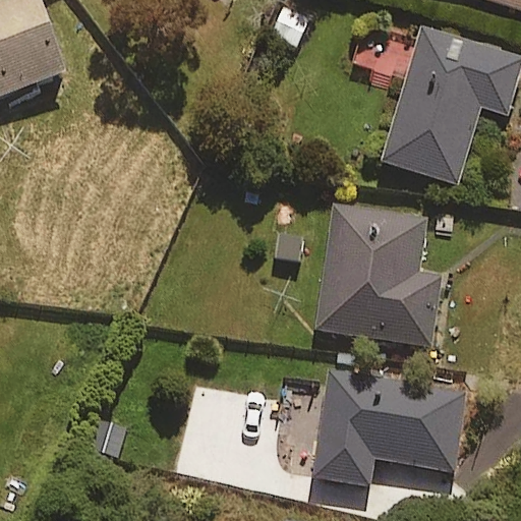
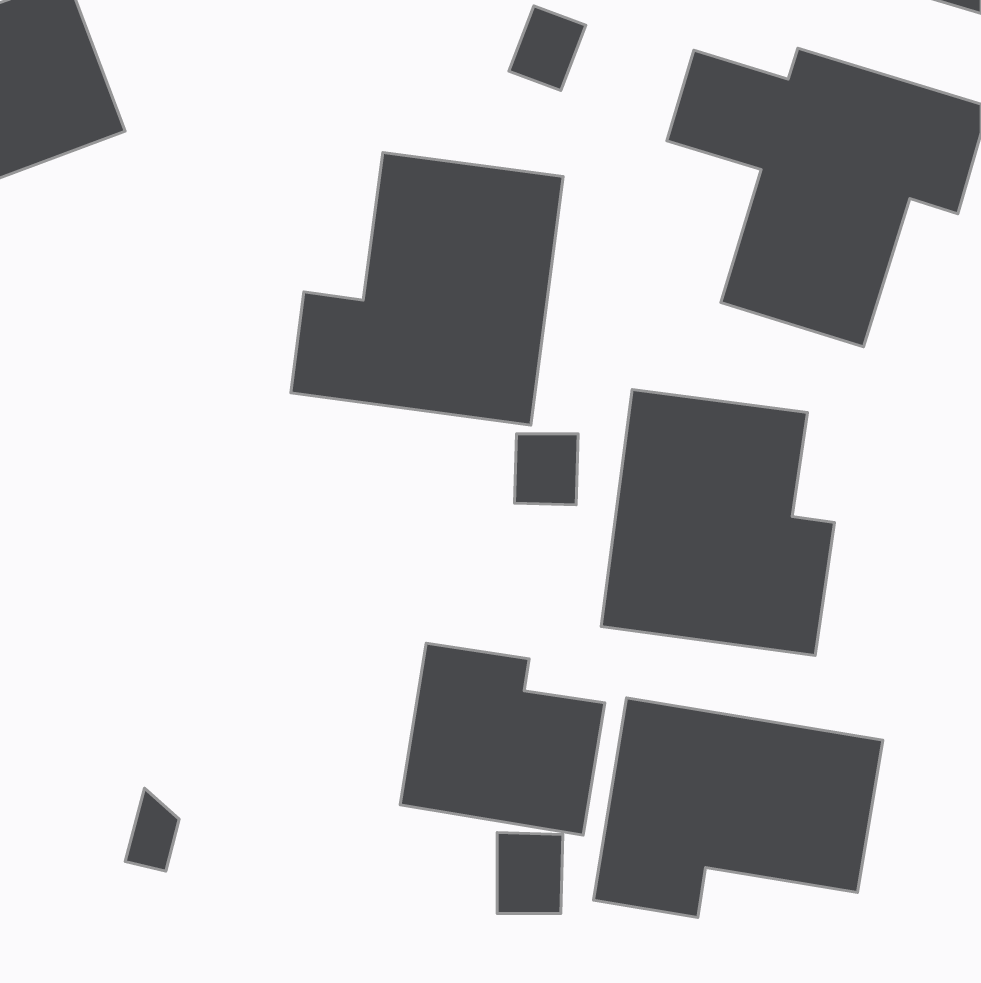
building: none -> [291,153,563,425]
building: none -> [400,643,605,835]

